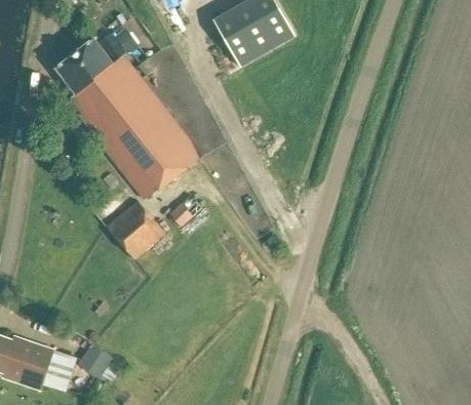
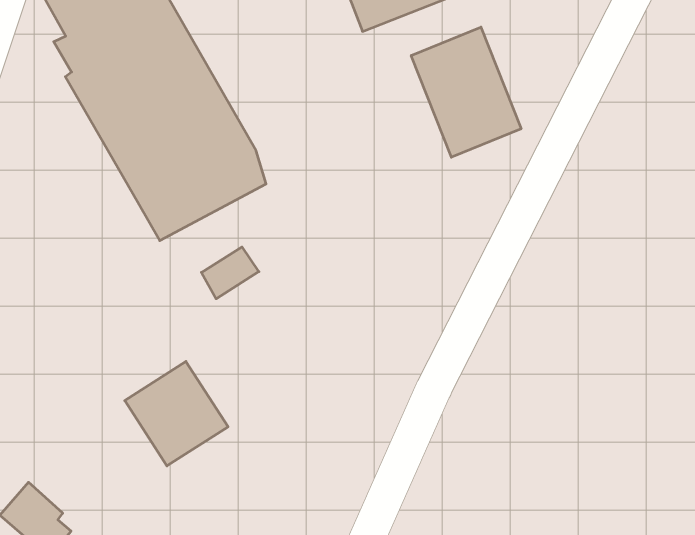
building: none -> [411,27,521,157]
building: [106,199,165,258] -> [125,361,228,466]

